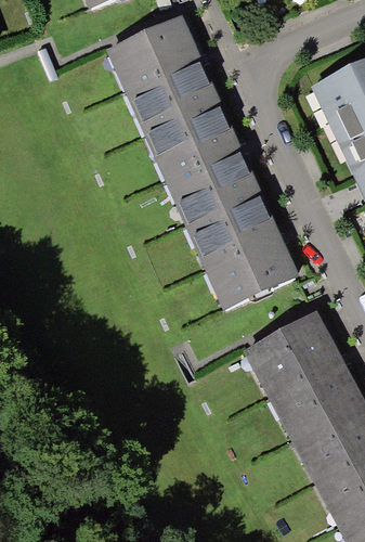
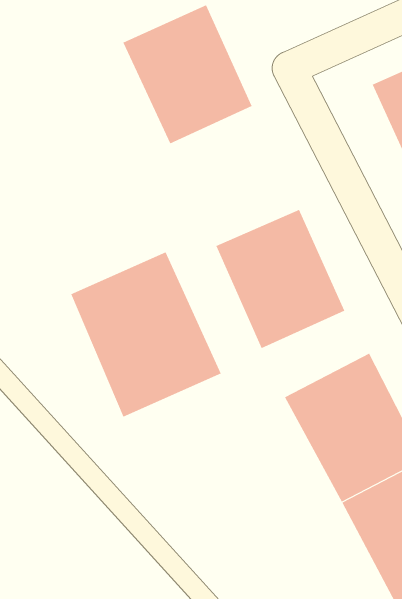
building: [145,101,256,220] -> none
building: none -> [70,252,221,417]

